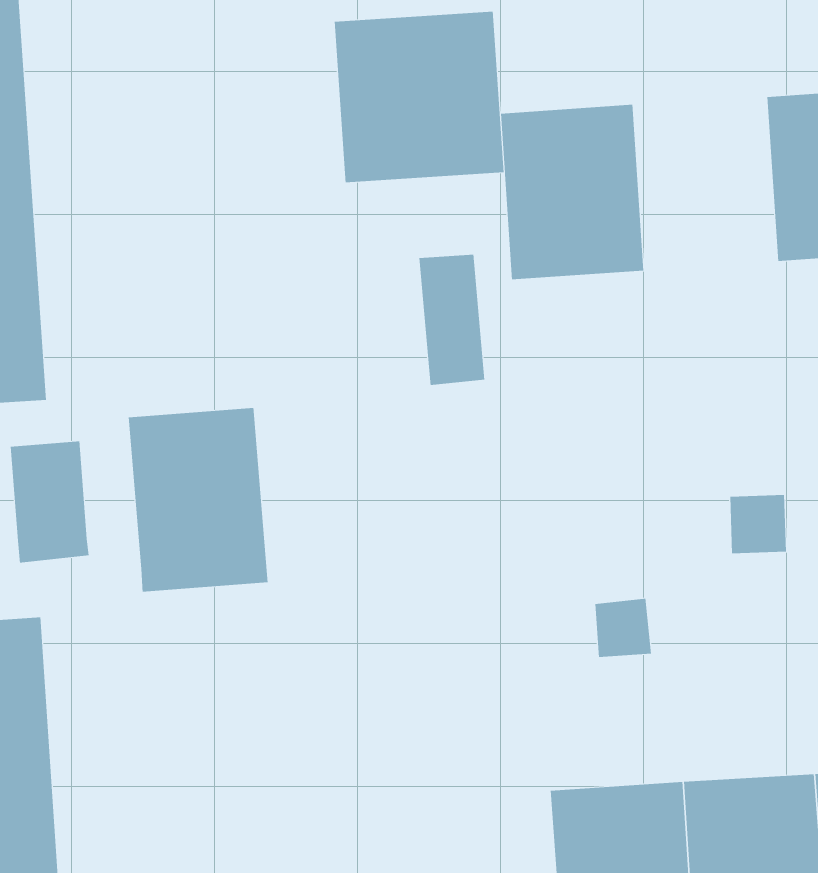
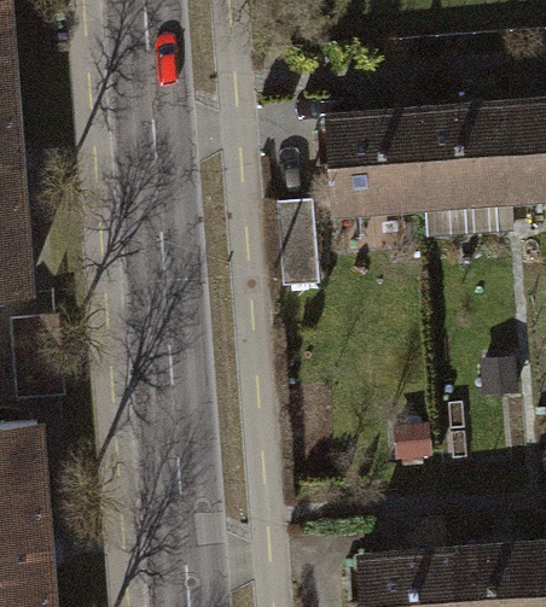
building: [334,11,504,183] -> none
building: none -> [417,99,511,212]
building: [128,407,268,593] -> none

